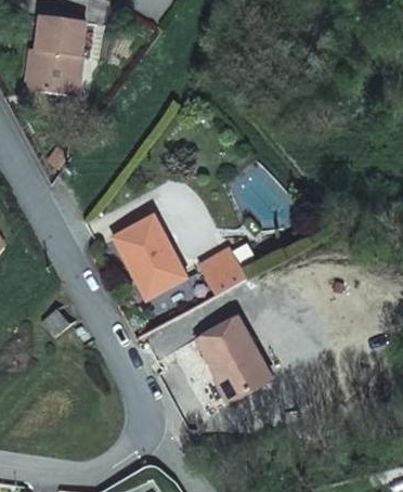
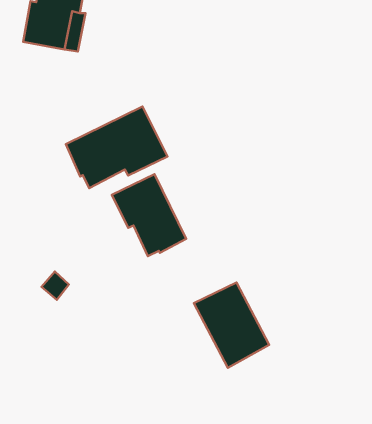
building: none -> [66,107,167,188]
building: [188,249,244,302] -> none

